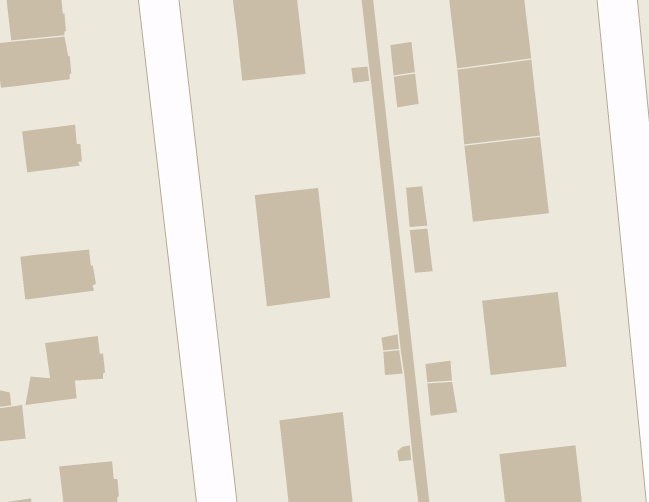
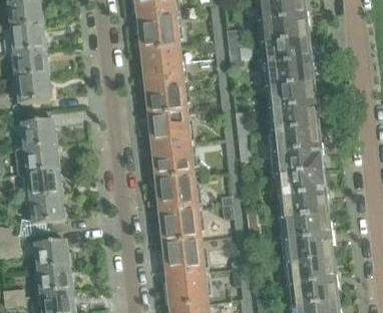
building: none -> [141,45,185,113]
building: none -> [13,48,48,77]
building: none -> [21,117,56,147]
building: none -> [273,124,322,174]
building: none -> [19,169,61,199]
building: none -> [155,173,200,242]
building: none -> [283,212,332,261]
building: none -> [34,238,69,268]

